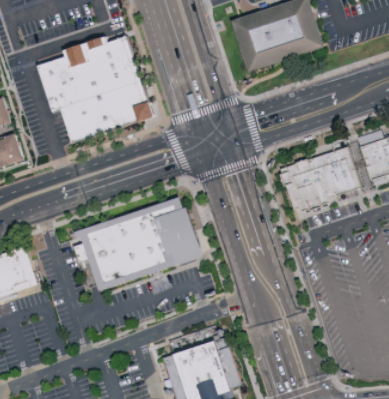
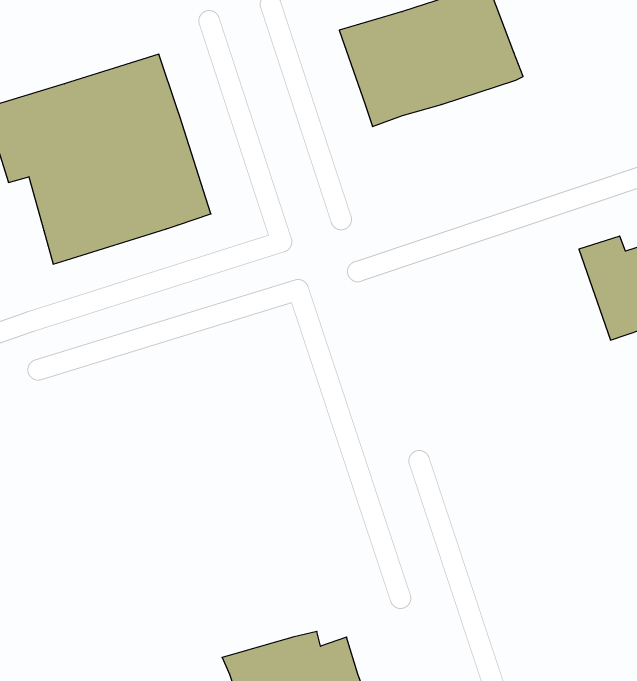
building: [275,146,356,211] -> none
building: [80,199,203,295] -> none

